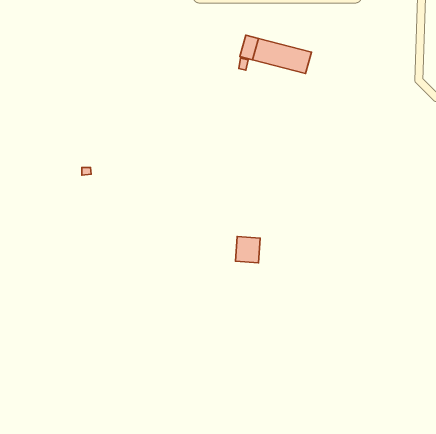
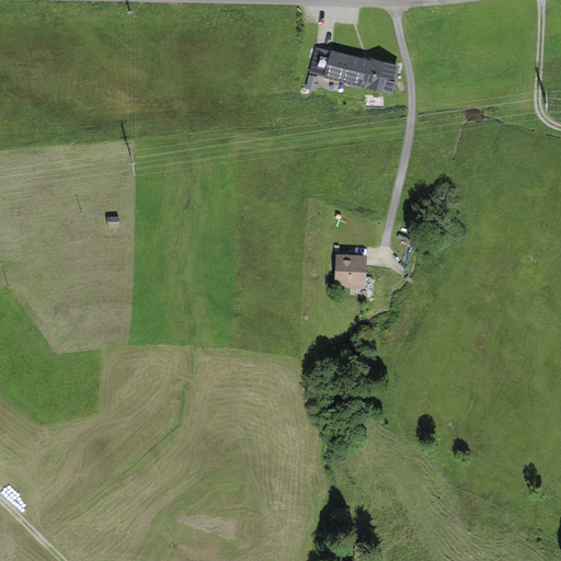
building: [235,236,260,263] -> [335,254,367,288]

